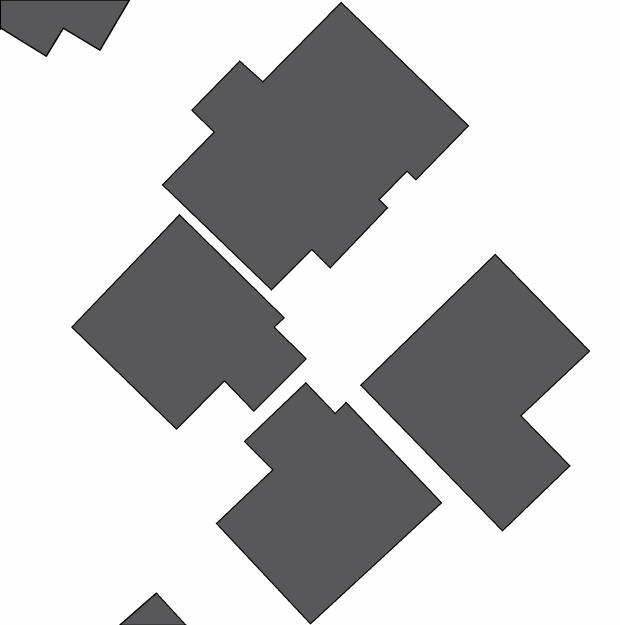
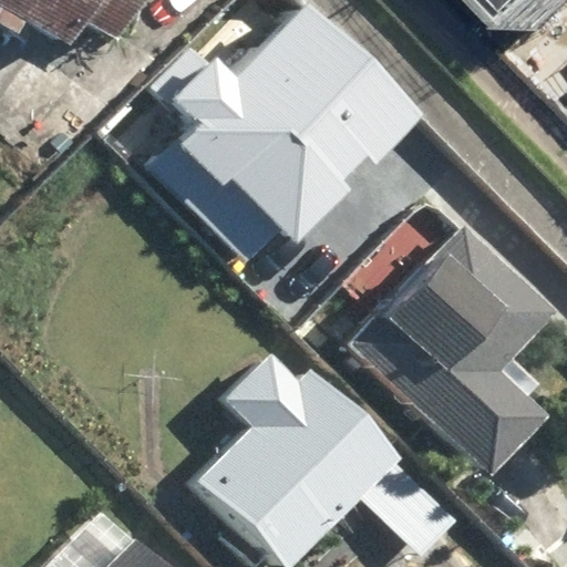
building: [72,215,306,429] -> none

